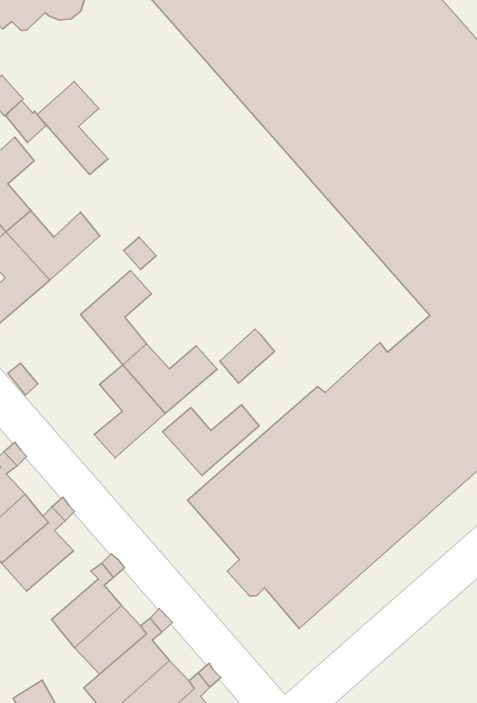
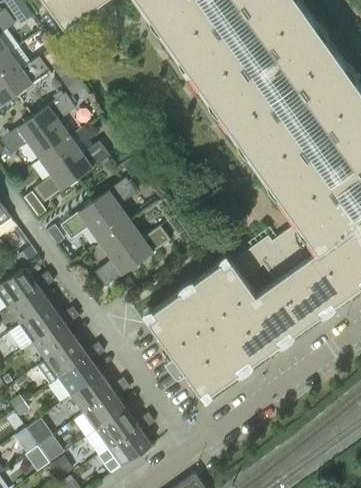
building: [37,81,108,175] -> none
building: none -> [60,202,115,244]
building: [220,329,275,383] -> none
building: [163,405,259,476] -> none
building: none -> [37,340,88,385]

